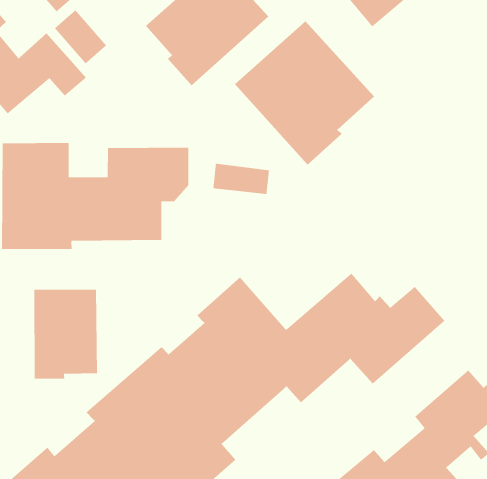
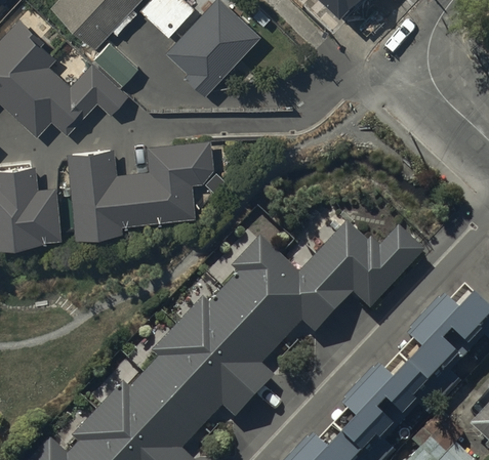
building: [234,20,375,166] -> none
building: [33,289,98,379] -> none

